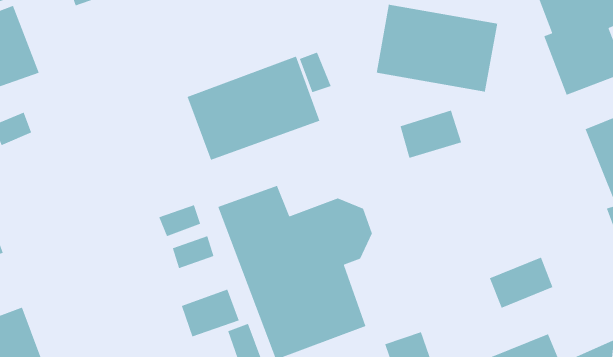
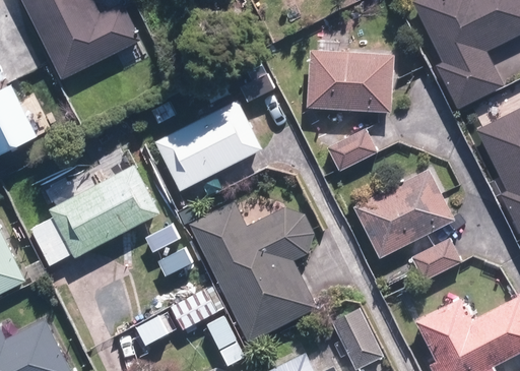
building: none -> [29,166,159,267]
building: none -> [352,169,455,258]

